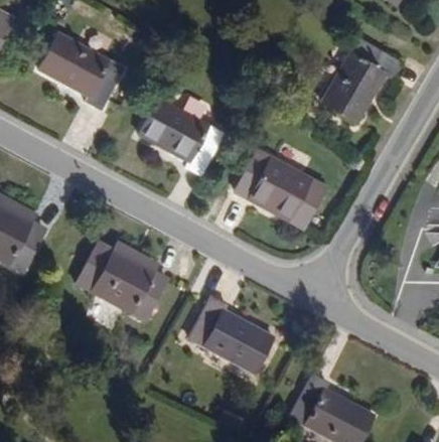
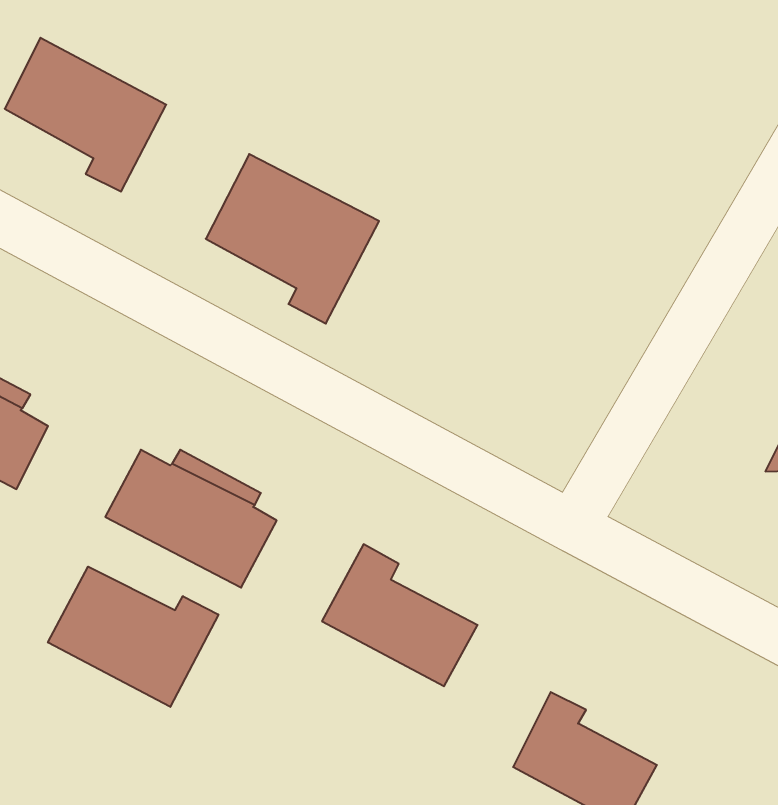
building: [314,36,393,121] -> none
building: [236,158,325,236] -> none
building: none -> [48,567,218,707]

